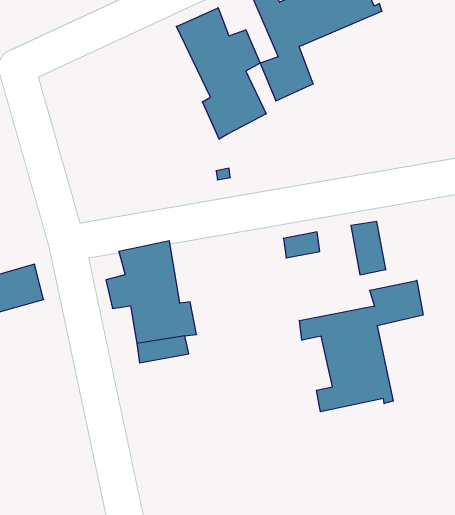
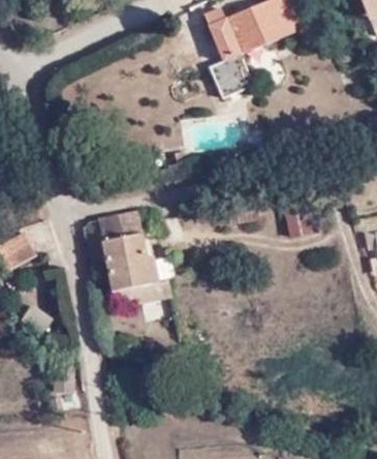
building: [176,8,266,139] -> none
building: [299,280,423,412] -> none

